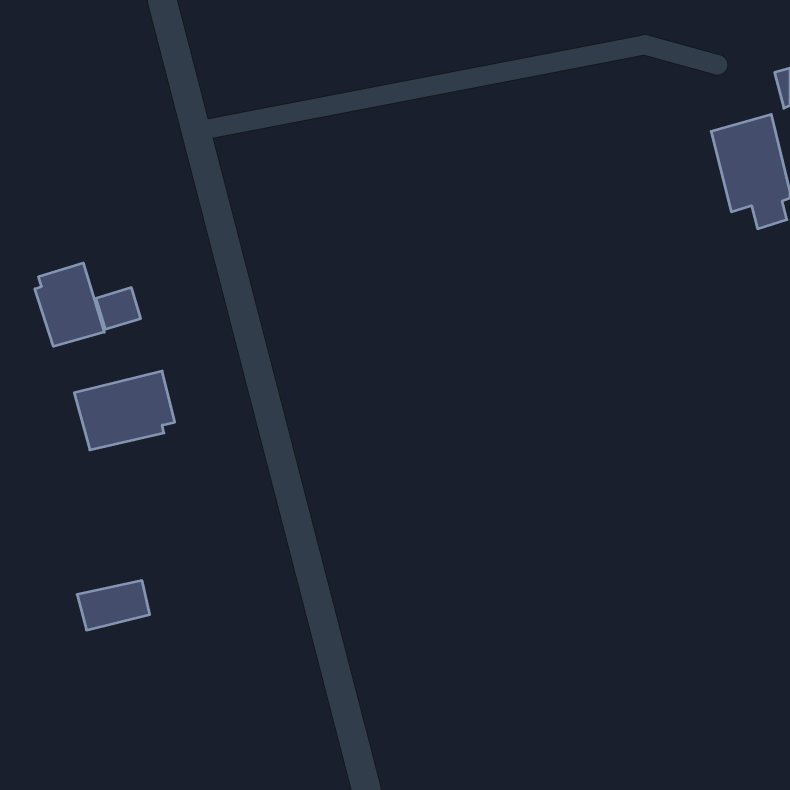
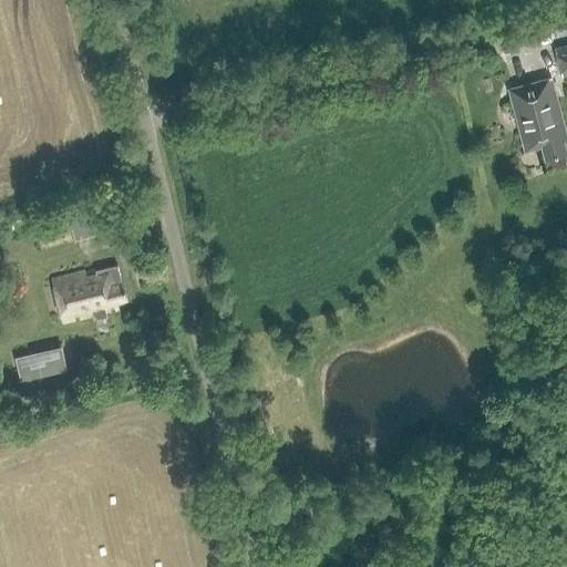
building: [35,263,104,346] -> none
building: [77,581,150,630] -> [16,342,68,378]

